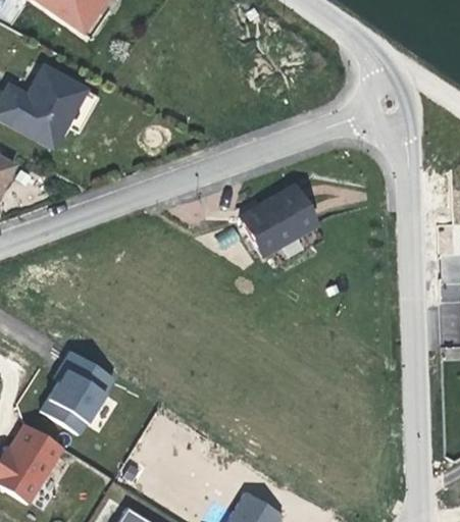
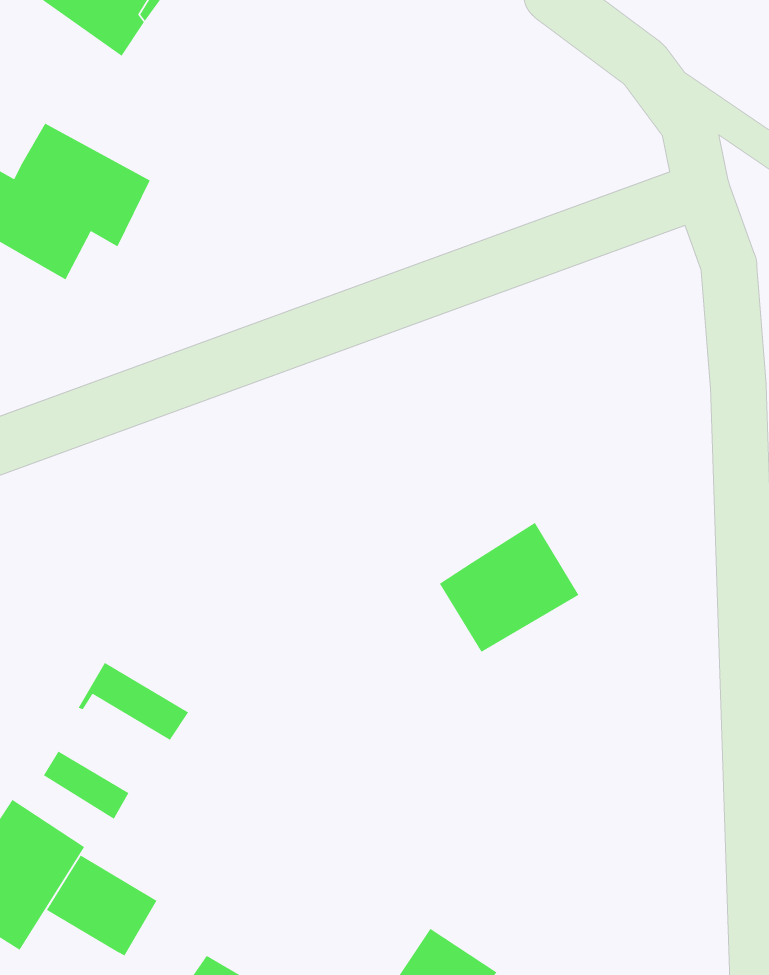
building: [227,179,302,249] -> [439,522,580,653]
building: [50,370,109,424] -> [46,854,158,956]

